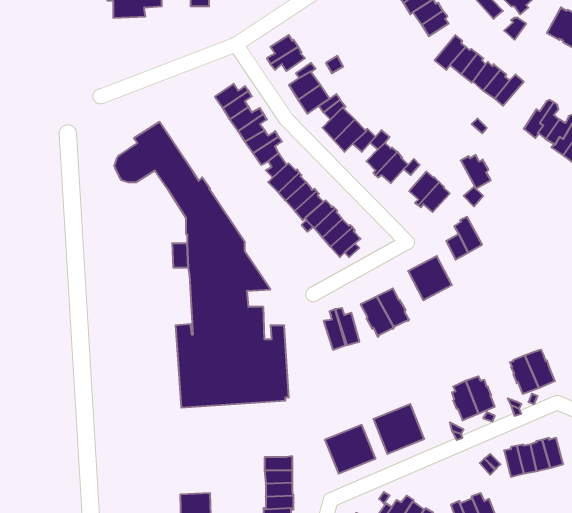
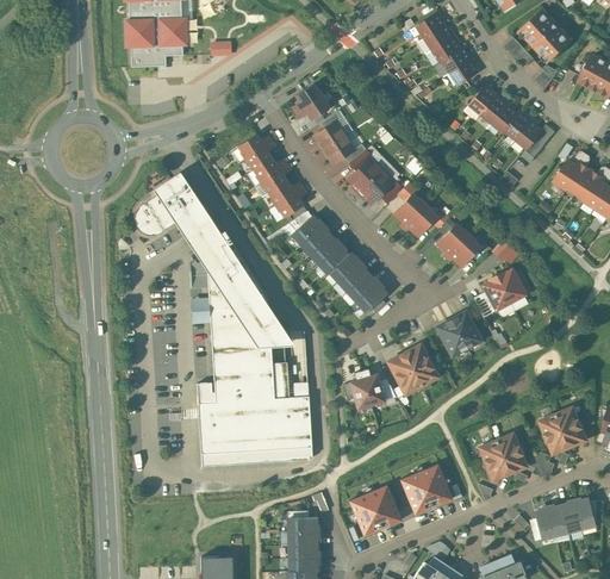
building: [461,155,491,188] -> [497,264,528,299]

